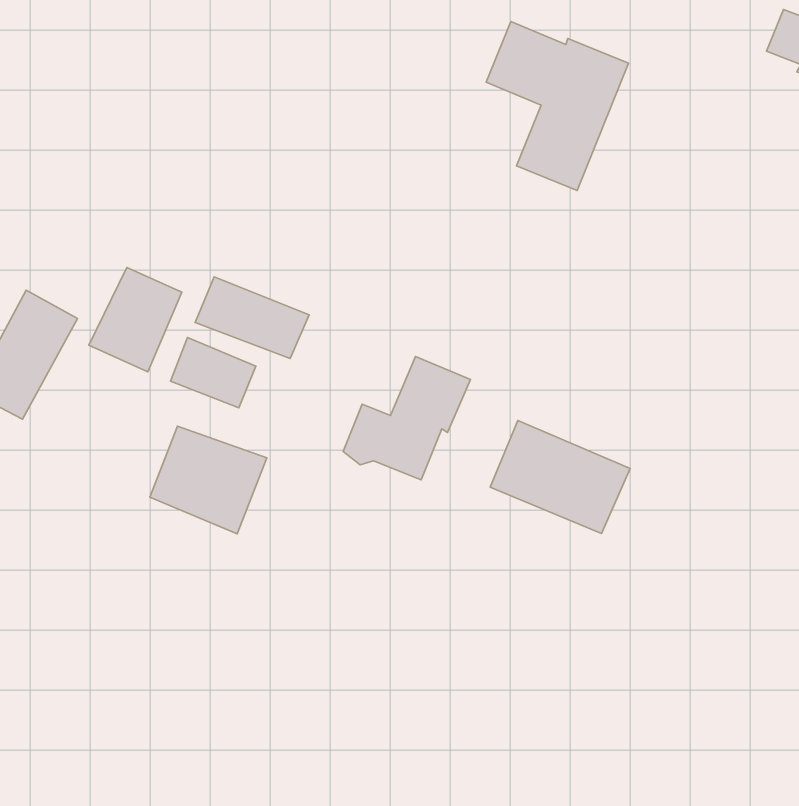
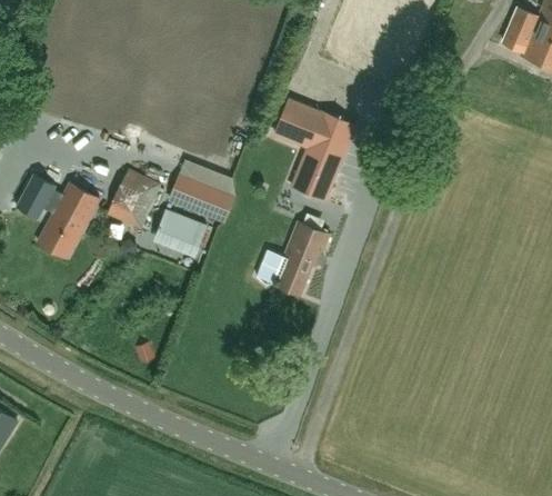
building: [486,22,629,190] -> [273,100,357,199]
building: [490,421,630,533] -> none
building: [150,426,267,534] -> none

